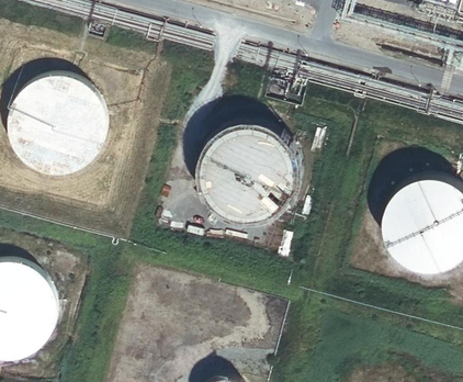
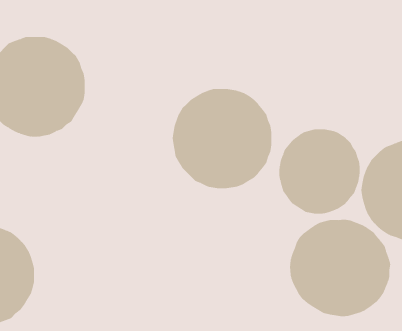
building: none -> [279,128,360,214]
building: none -> [290,219,391,317]

